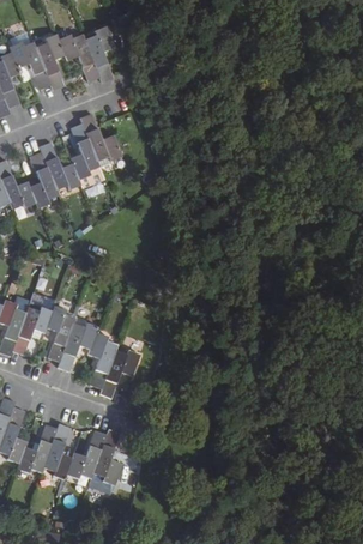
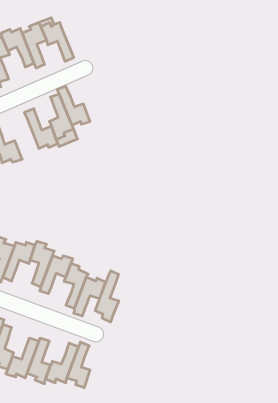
building: [84,26,114,81] -> none
building: [29,150,58,207] -> none
building: none -> [95,271,119,322]

